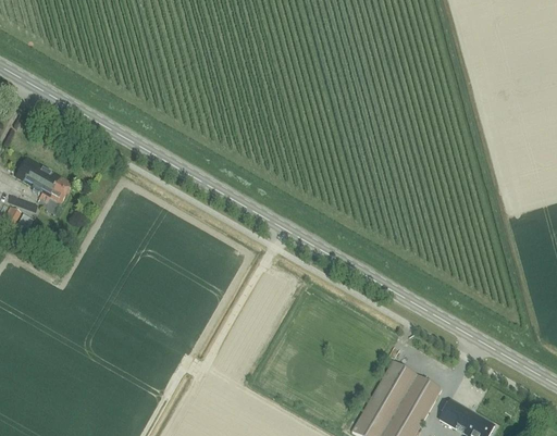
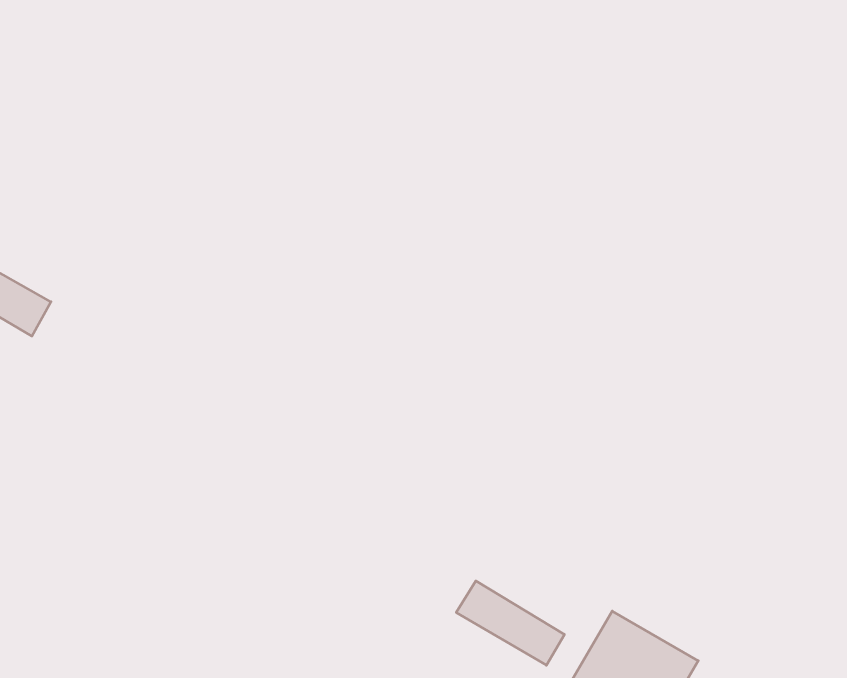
building: none -> [456,581,564,665]

